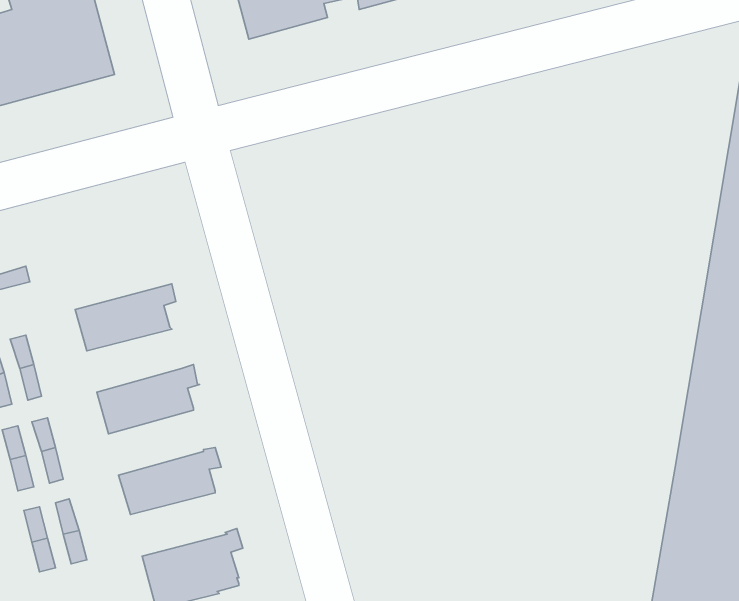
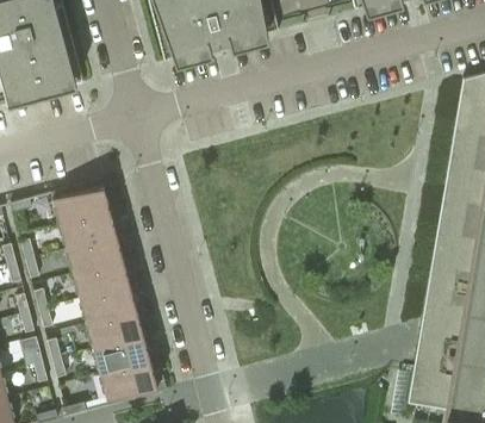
building: none -> [51,186,118,230]
building: none -> [67,238,128,280]
building: none -> [80,288,141,330]
building: none -> [93,338,154,379]

